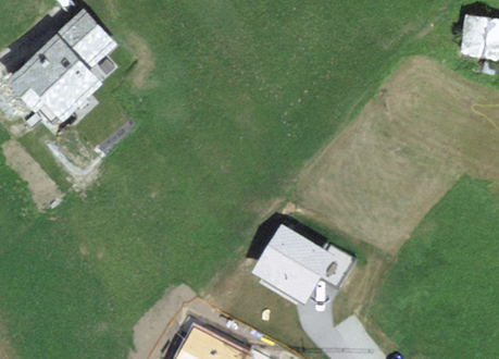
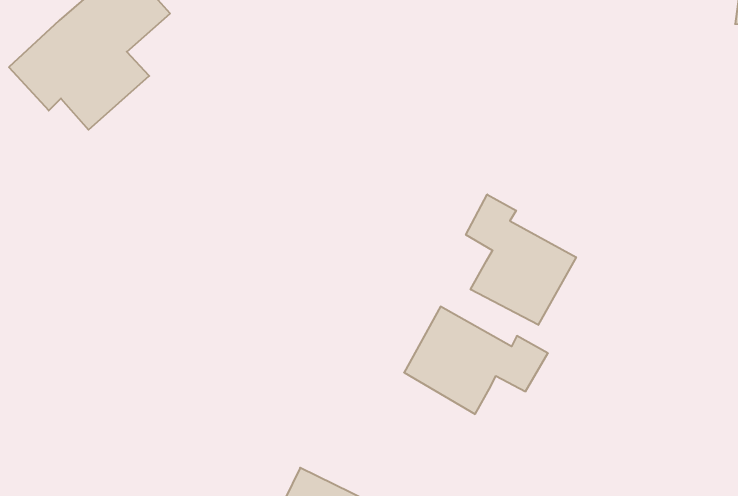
building: none -> [466,194,576,325]

